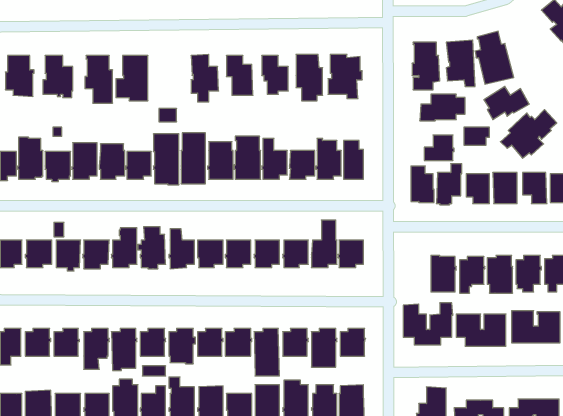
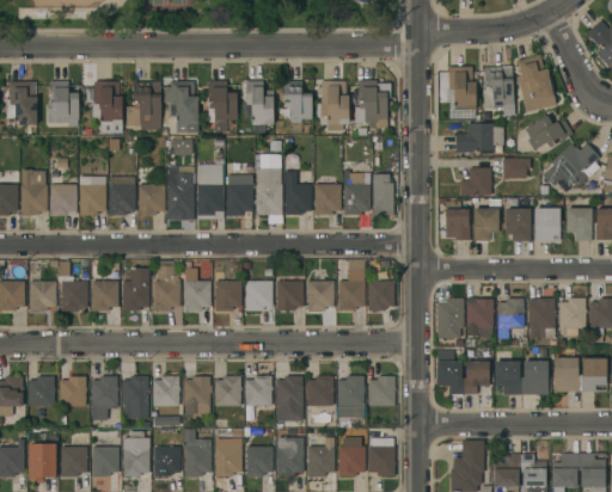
building: none -> [163,80,198,133]
building: none -> [436,299,464,328]

